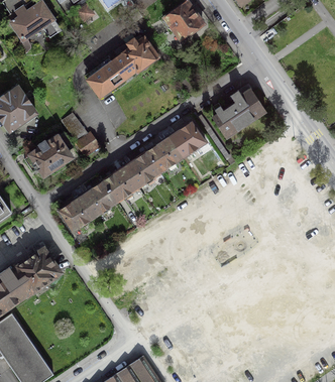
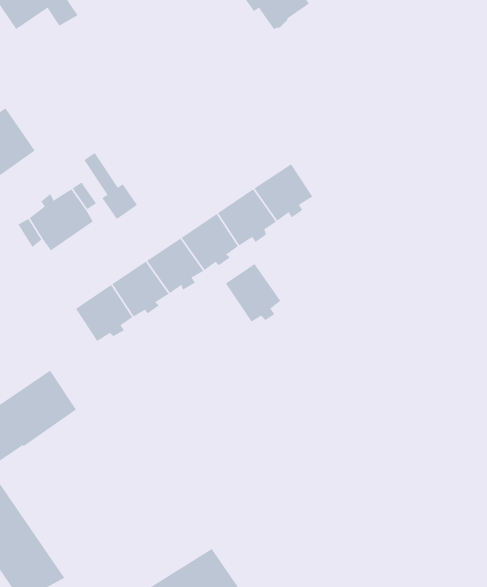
building: [88,37,157,96] -> none
building: [213,89,265,137] -> none
building: none -> [225,263,281,323]

